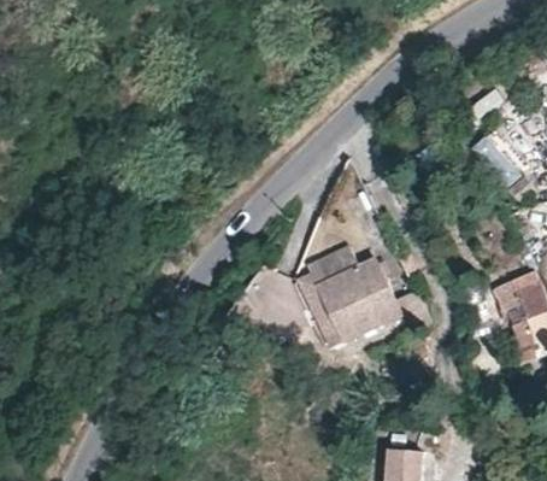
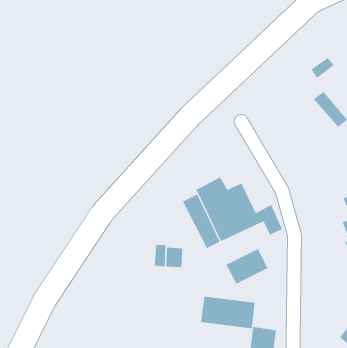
building: none -> [226,248,268,285]
building: none -> [200,296,255,329]

